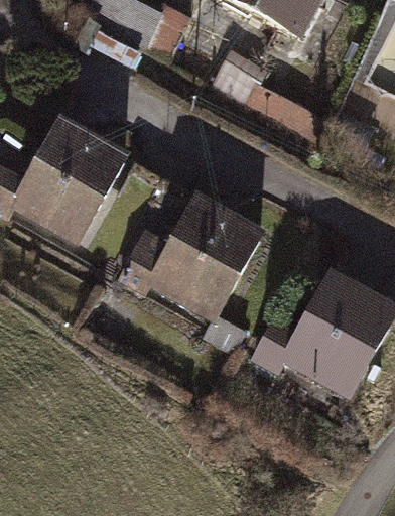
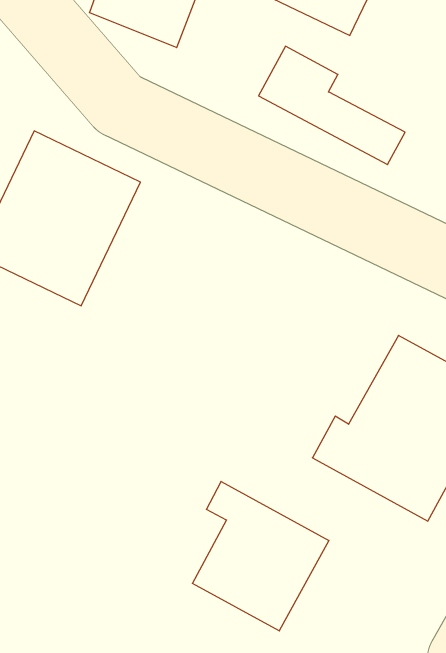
building: [131,186,265,324] -> none
building: none -> [192,481,329,631]

